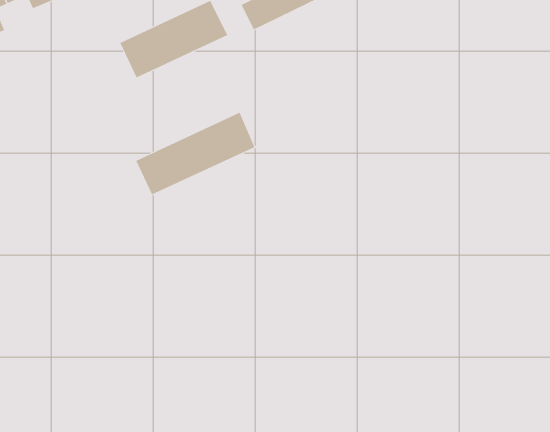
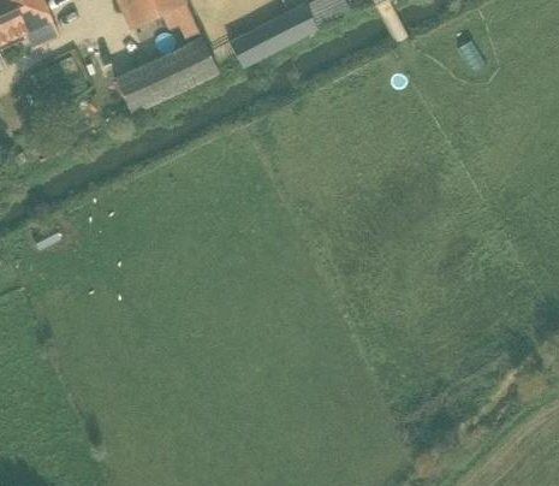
building: [136,112,255,195] -> none

